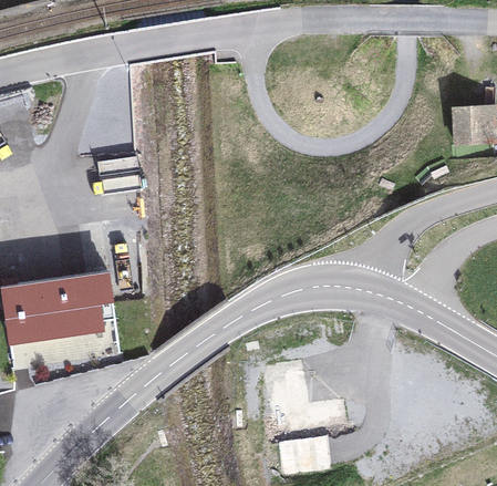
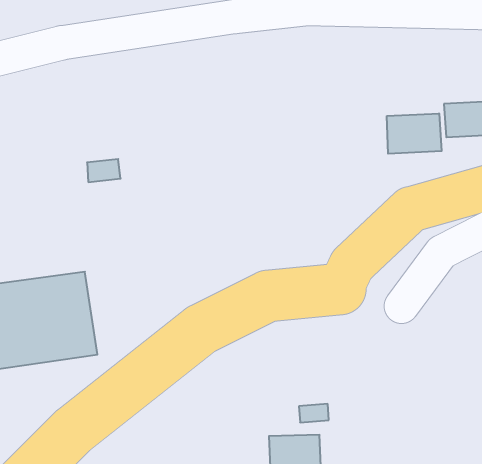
building: none -> [387,113,442,154]

